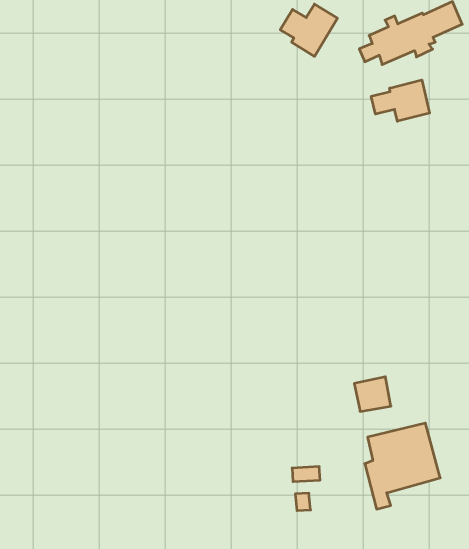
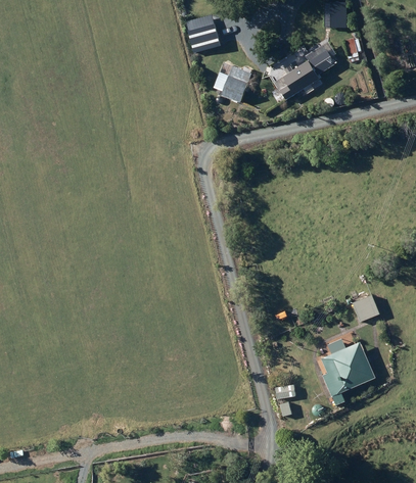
building: [371,80,430,121] -> none
building: [354,377,391,411] -> [350,293,377,320]

